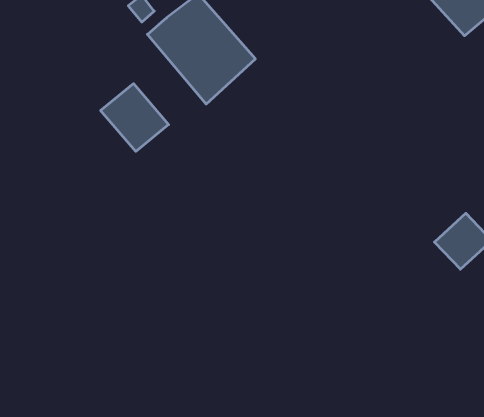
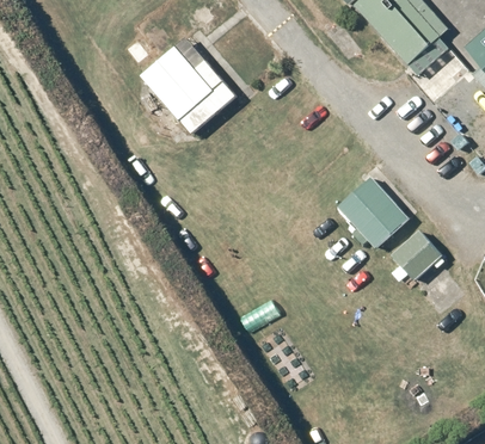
building: [101,84,169,151] -> none
building: none -> [337,177,409,249]

